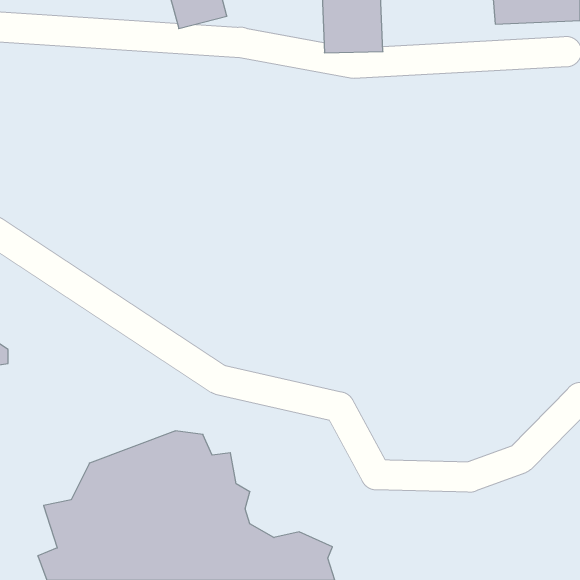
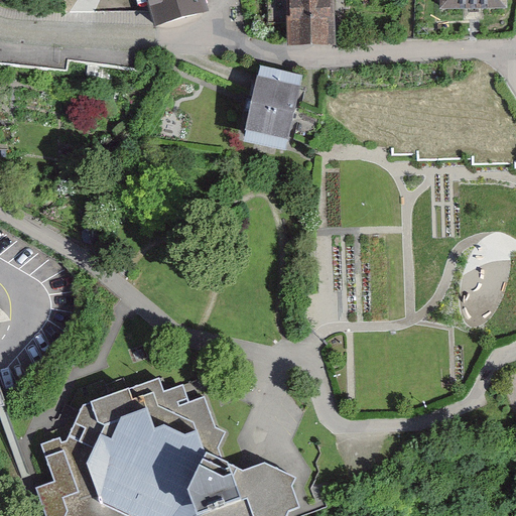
building: none -> [244,58,312,142]

